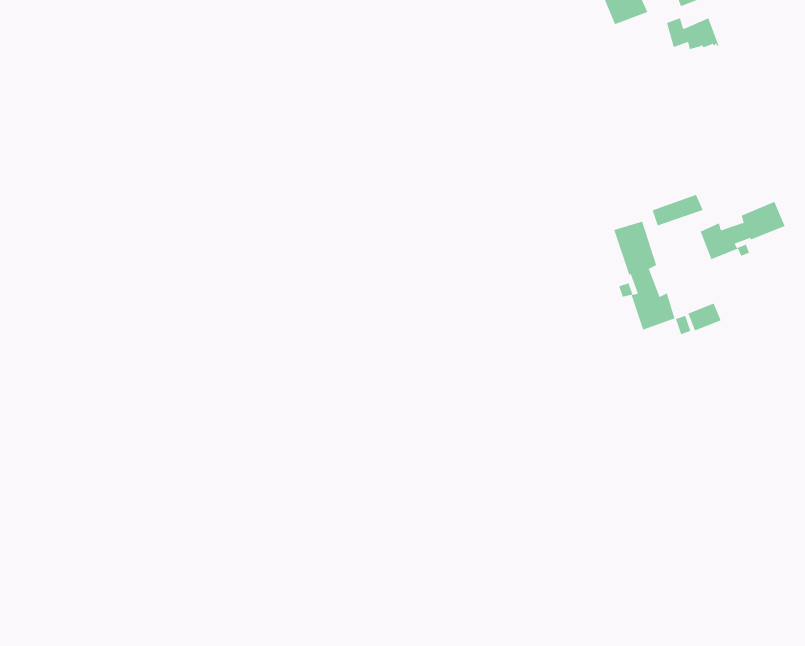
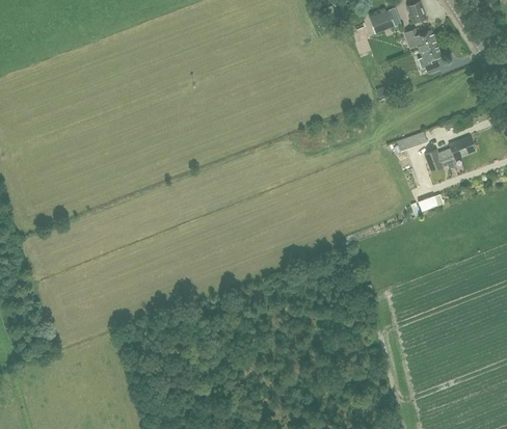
building: none -> [419,44,442,74]
building: [613,221,675,330] -> none

